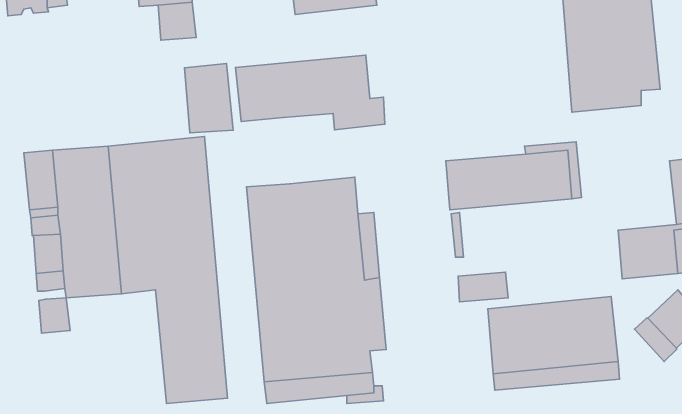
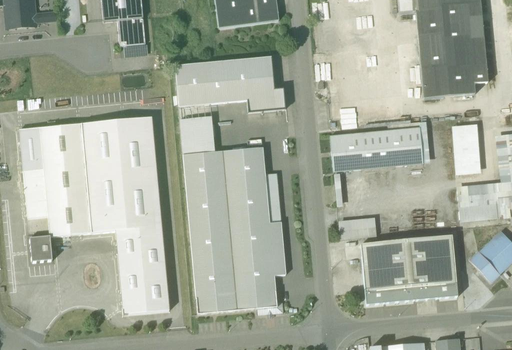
building: [184,64,233,133] -> [179,103,215,154]
building: none -> [452,124,481,174]

